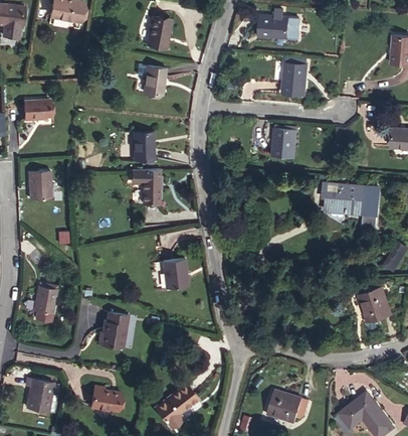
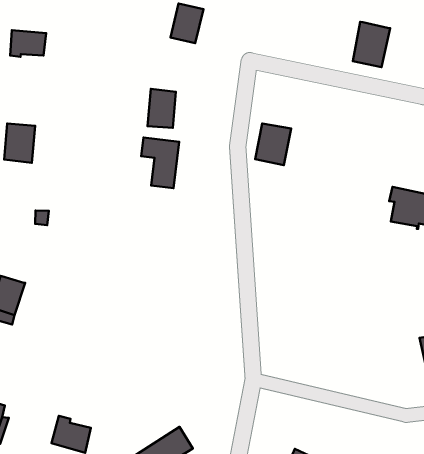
building: [272,128,296,157] -> [255,124,291,165]
building: [163,258,188,289] -> none
building: [100,312,129,348] -> none

